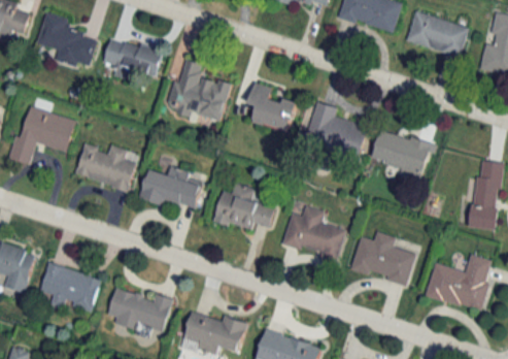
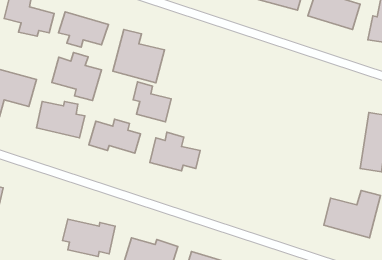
building: [248,83,295,131] -> [133,82,171,122]
building: none -> [52,53,102,100]
building: [303,101,368,160] -> none
building: [371,128,434,176] -> none
building: [281,206,345,260] -> none
building: [349,230,415,285] -> none
building: [39,261,101,314] -> none

